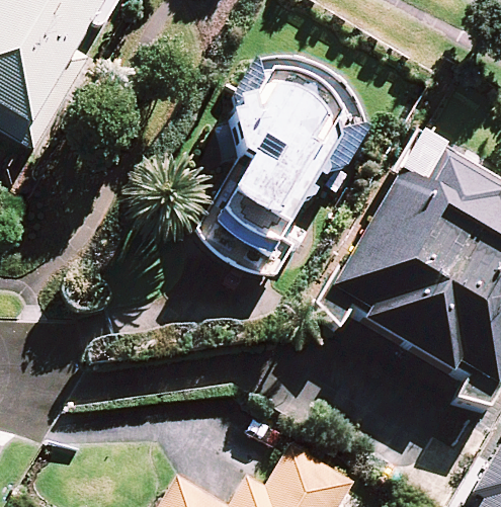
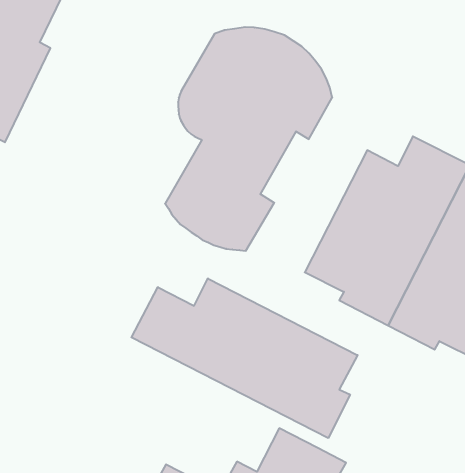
building: none -> [131,278,358,438]

